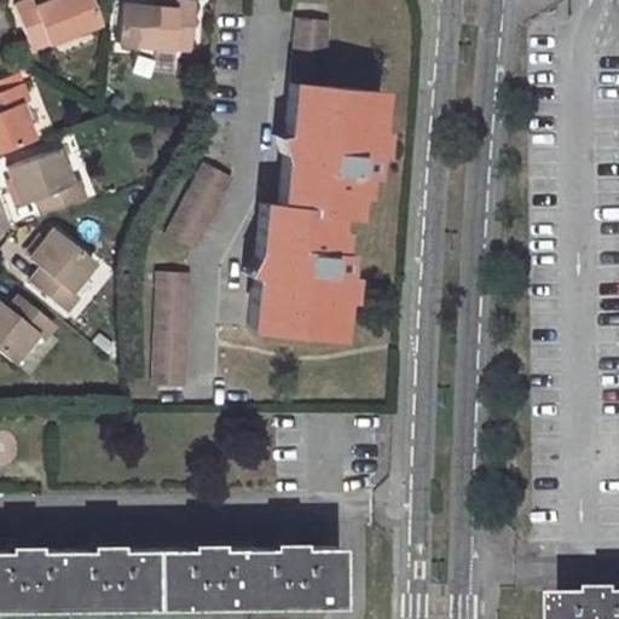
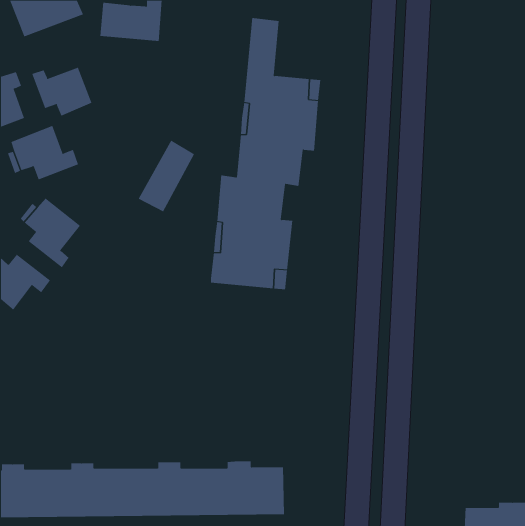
building: none -> [32,67,92,117]
building: [152,273,191,392] -> none

